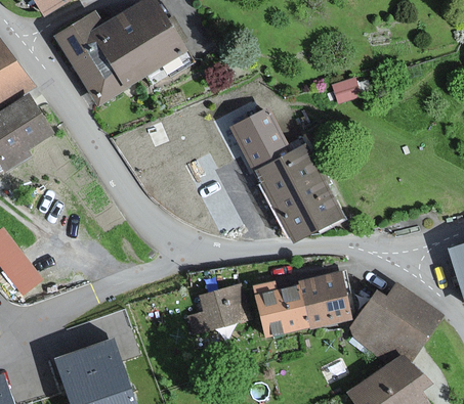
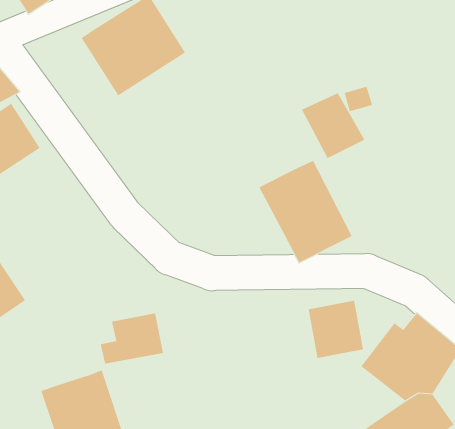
building: [53,12,126,106] -> none
building: [231,111,290,172] -> [301,93,365,159]
building: [255,283,308,336] -> none
building: [185,286,244,333] -> [100,313,164,364]

